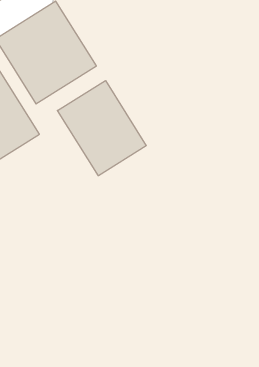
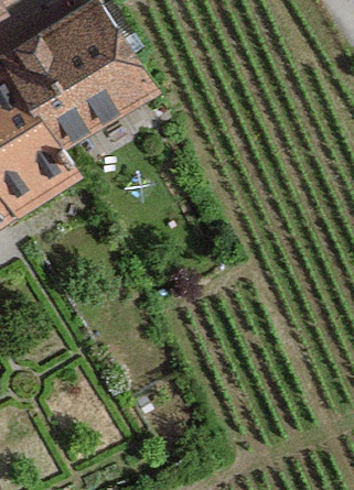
building: [57,81,146,176] -> none

